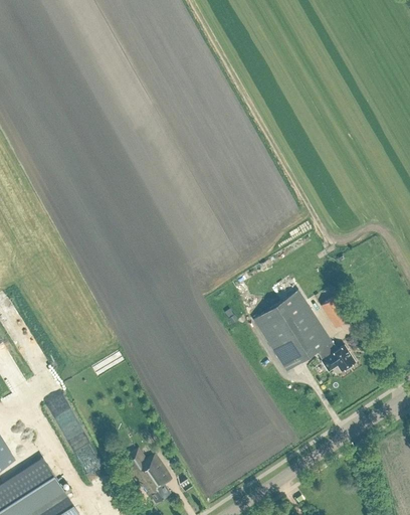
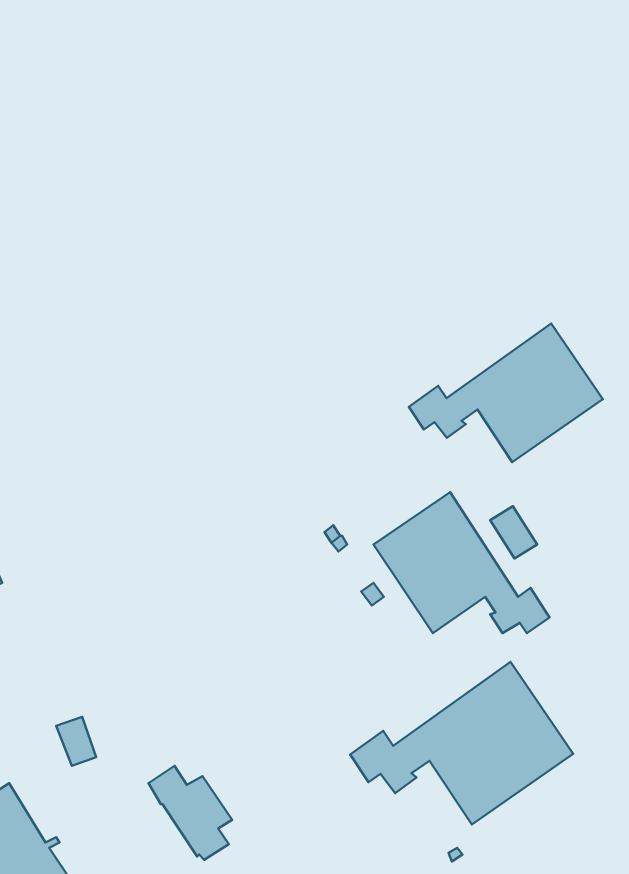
building: none -> [409,323,603,462]
building: none -> [350,662,573,824]

